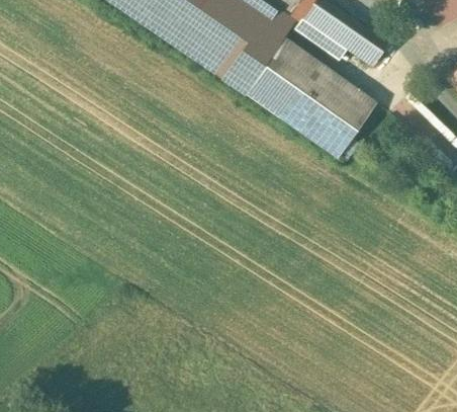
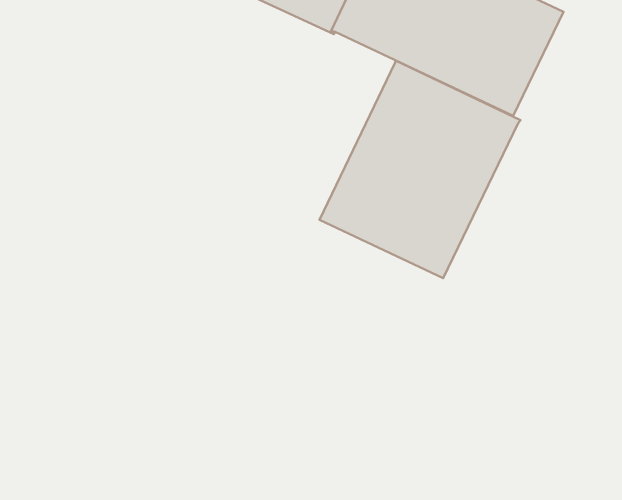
building: none -> [320,60,520,278]

